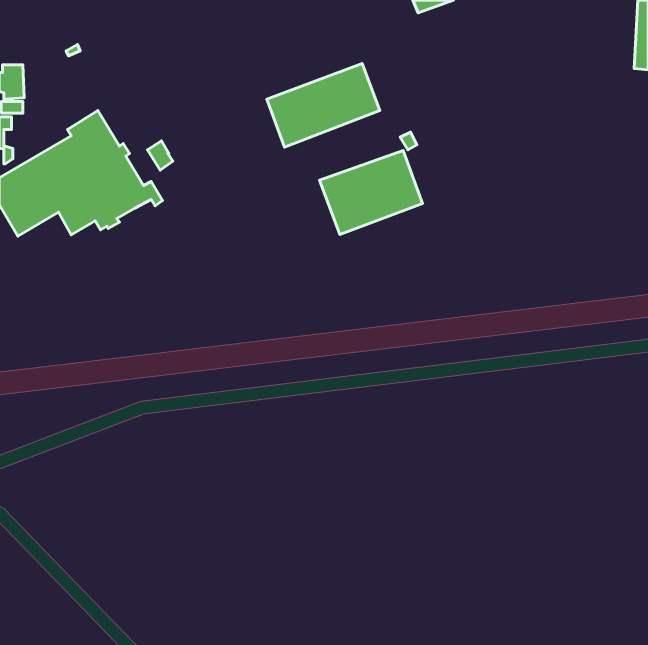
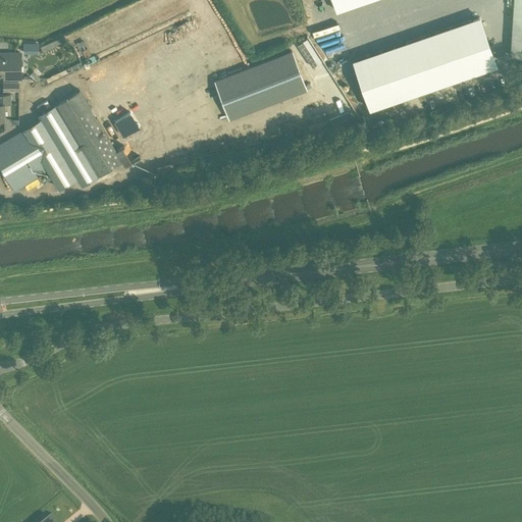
building: none -> [353,19,495,111]
building: [319,150,423,235] -> none

